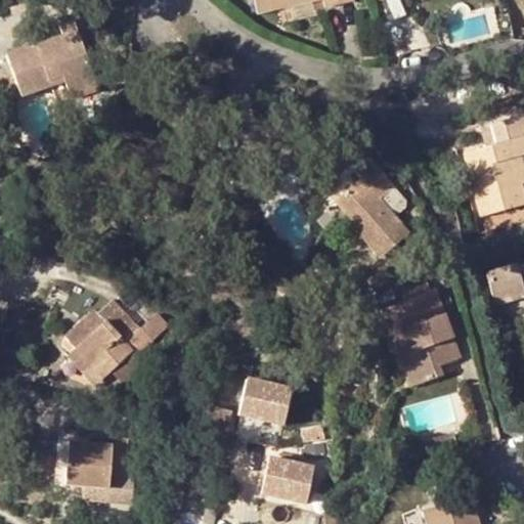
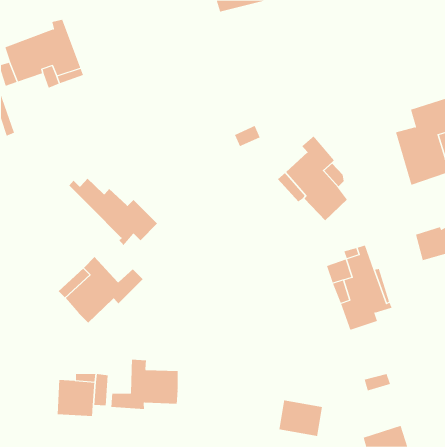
building: none -> [69,178,158,246]
building: [235,382,288,426] -> none
building: none -> [111,359,178,410]
building: [261,460,313,503] -> [278,400,323,436]

